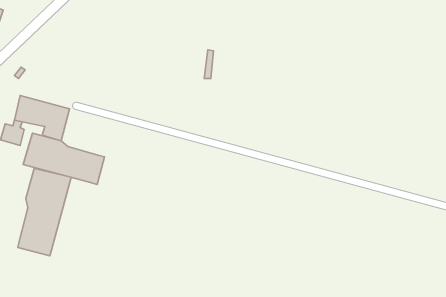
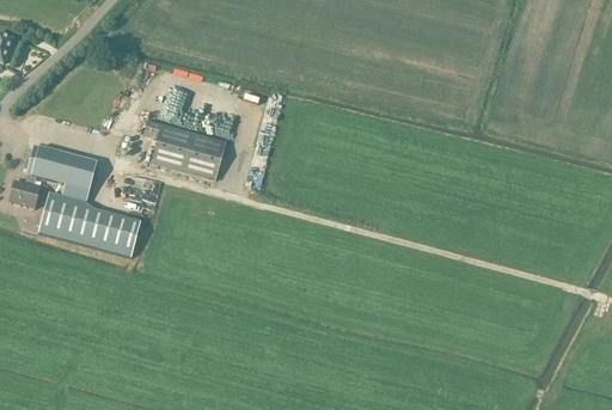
building: none -> [143,121,225,179]
building: [18,169,71,256] -> none

